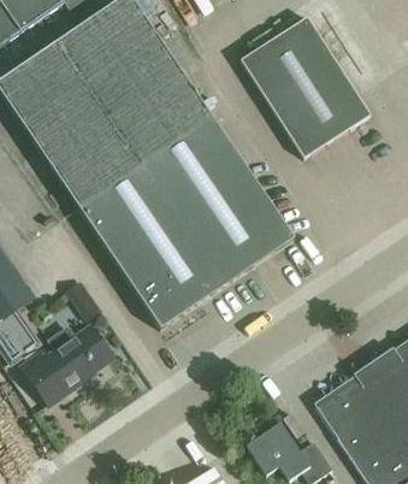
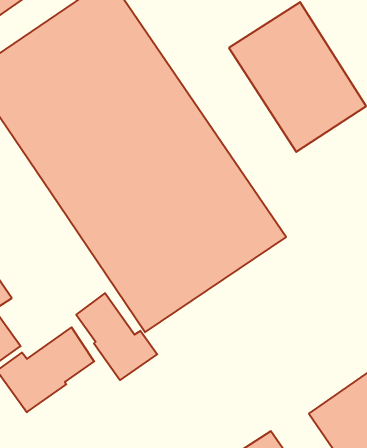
building: none -> [76,293,157,380]

